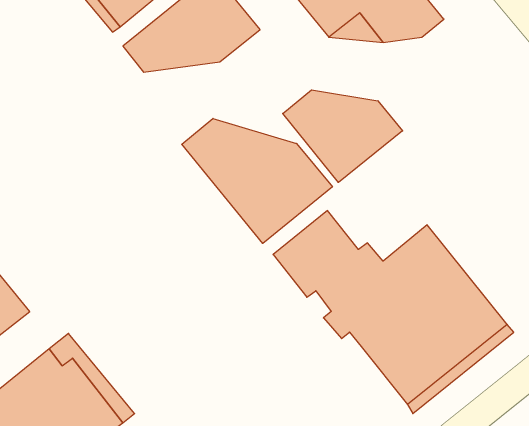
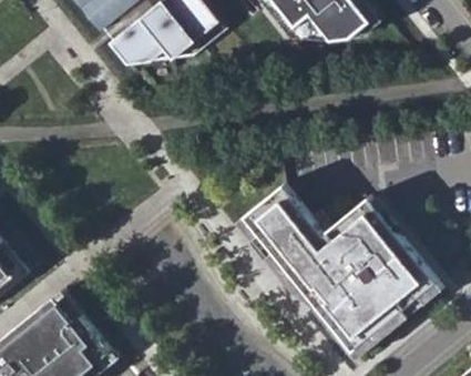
building: [283,90,403,182] -> none
building: [182,118,332,243] -> none

